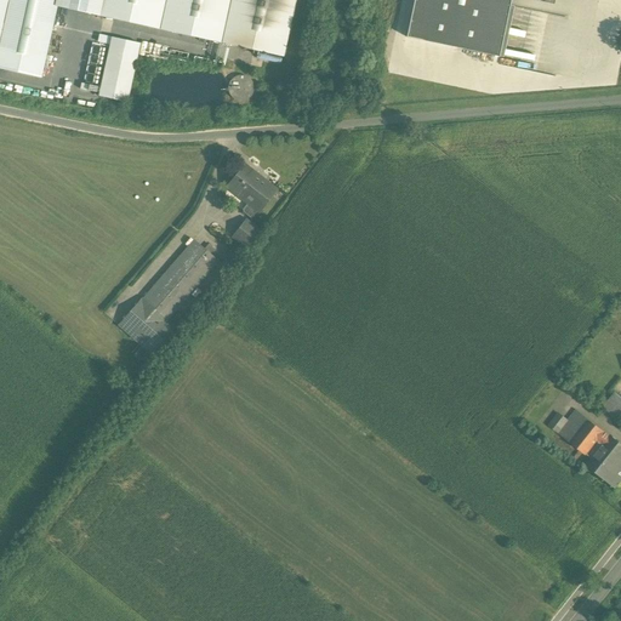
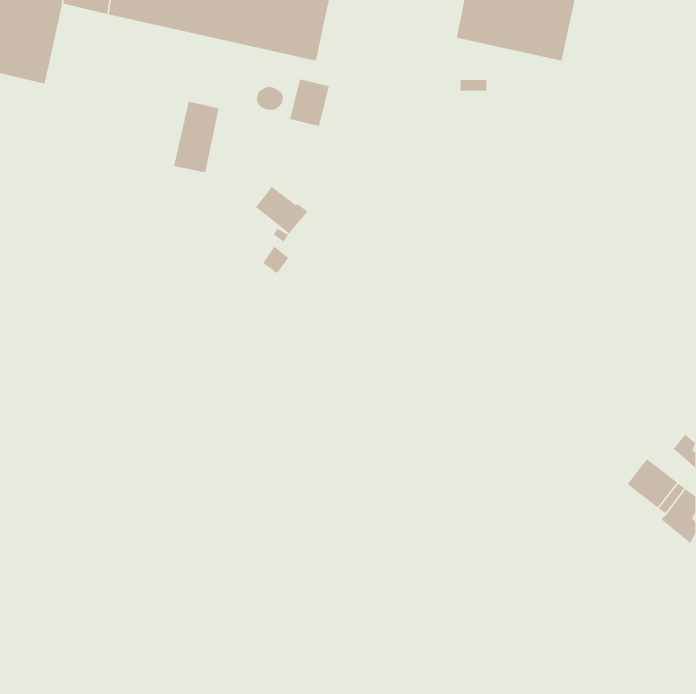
building: [97,35,138,99] -> [173,101,219,173]
building: none -> [289,78,330,127]
building: [118,238,221,353] -> none

